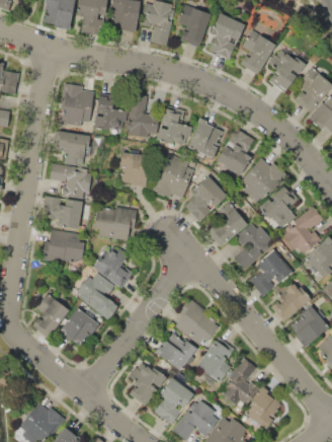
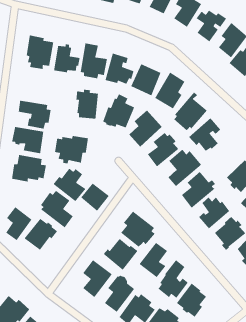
building: [57,130,91,165] -> none
building: [283,206,323,252] -> none
building: none -> [80,182,110,212]

